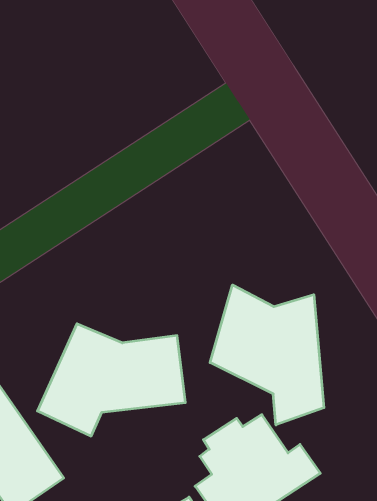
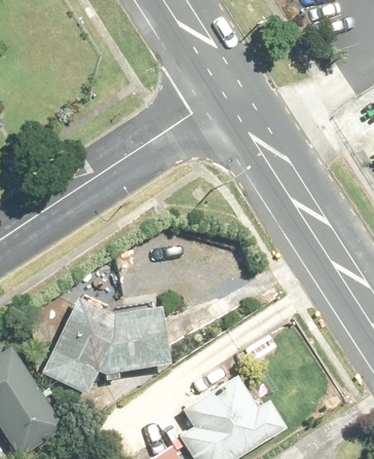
building: [210,285,324,425] -> none

